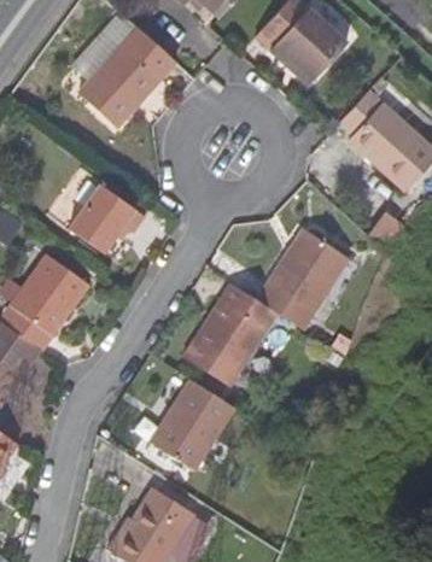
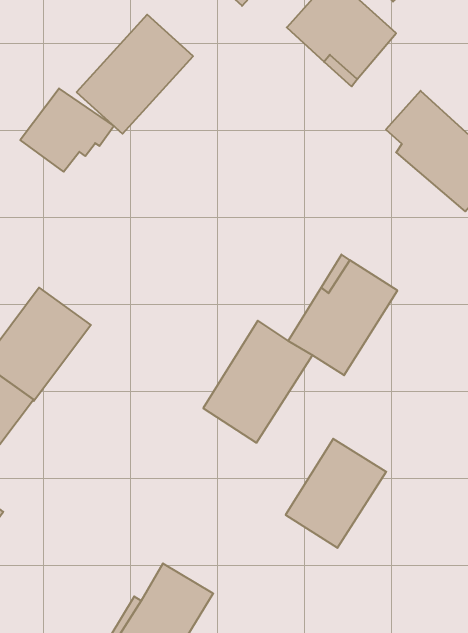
building: [66,183,145,253] -> [20,88,114,172]
building: [150,377,234,469] -> [286,439,386,548]

